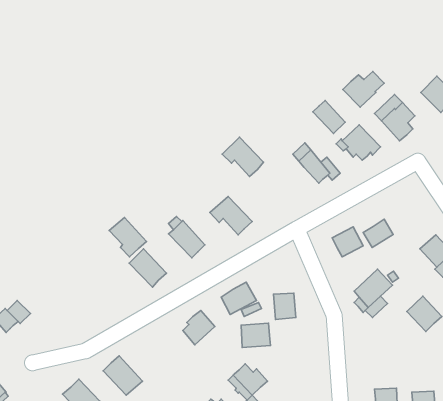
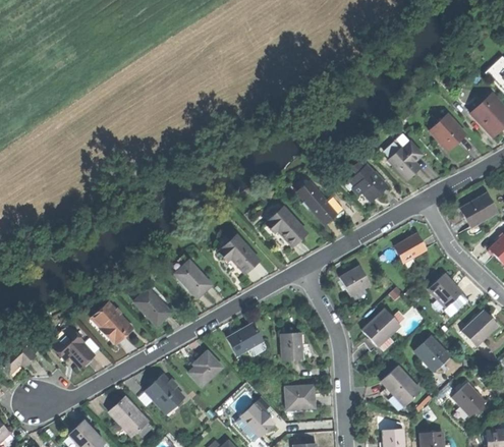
building: [343,72,384,107] -> none
building: [313,100,345,134] -> none
building: [222,137,264,176] -> [265,207,306,246]
building: [109,217,147,257] -> [94,301,131,341]
building: [363,219,393,248] -> [395,233,426,262]
building: none -> [52,328,94,367]
building: [241,323,270,348] -> [285,385,315,409]
building: none -> [382,367,421,406]
building: none -> [145,374,184,413]

